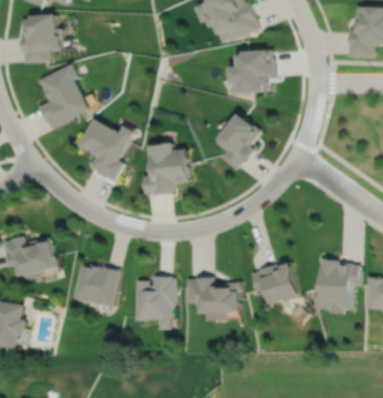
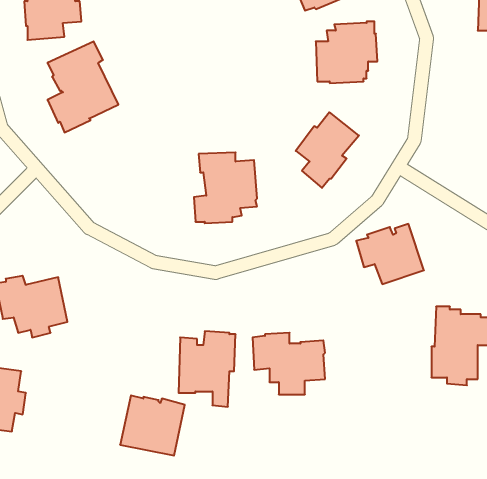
building: [79,121,135,183] -> none
building: [249,259,298,303] -> [356,224,424,284]
building: [71,262,118,305] -> [120,395,185,456]

